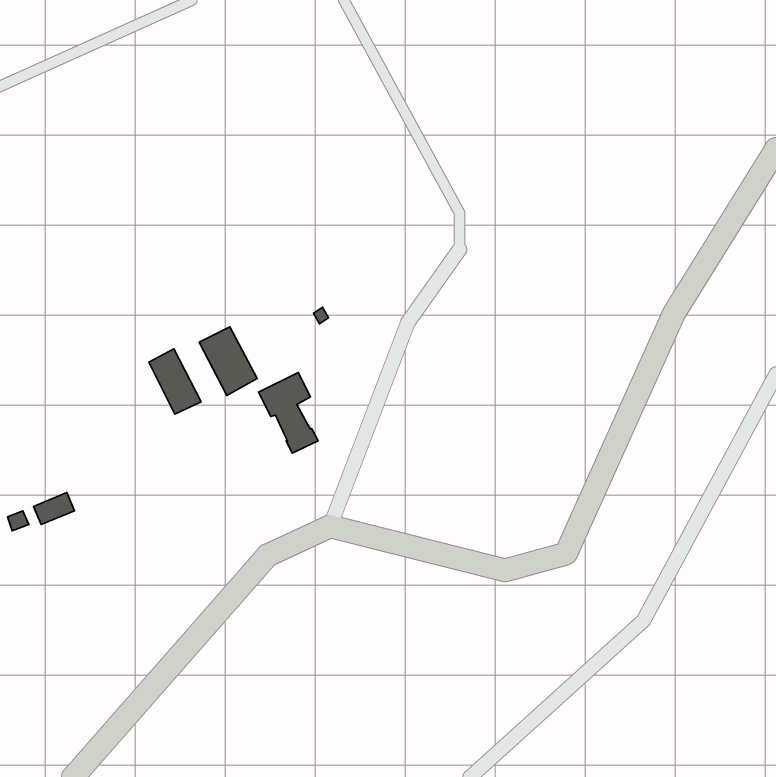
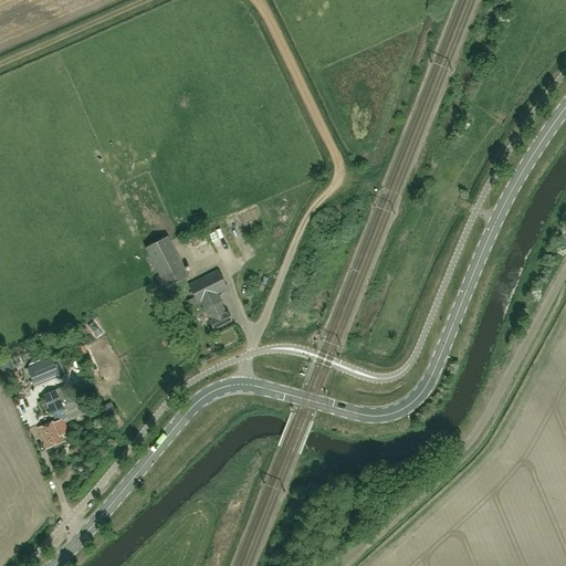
building: [149,349,201,414] -> none
building: none -> [36,390,67,449]

